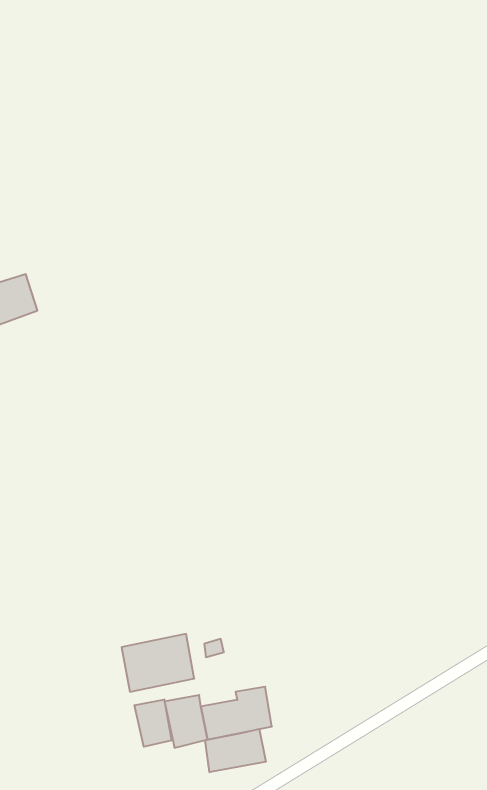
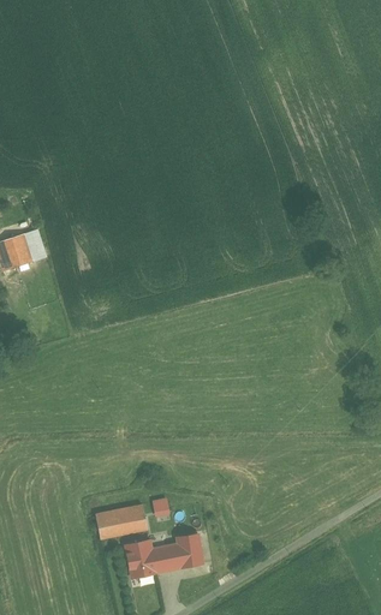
building: [135,699,172,747] -> none
building: [205,729,266,772] -> none

